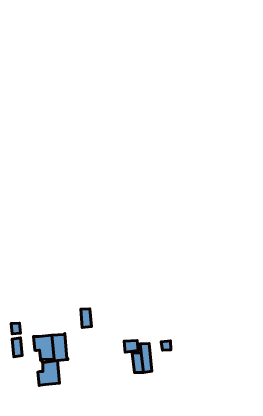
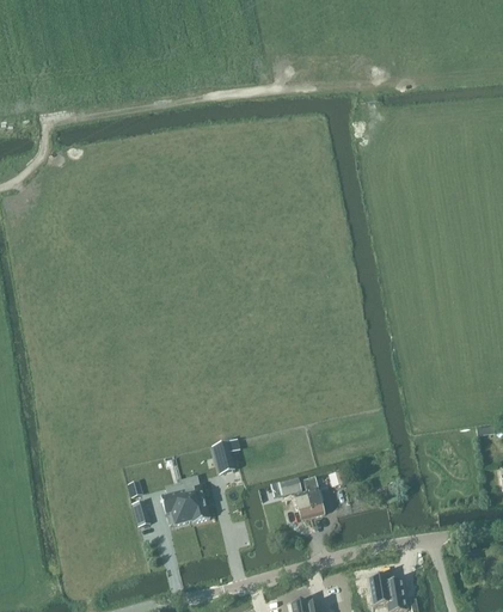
building: [38,360,60,385] -> none

